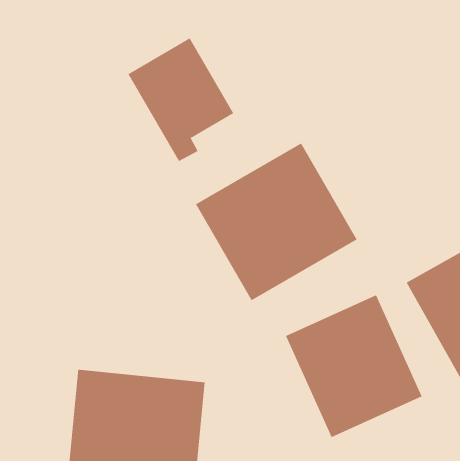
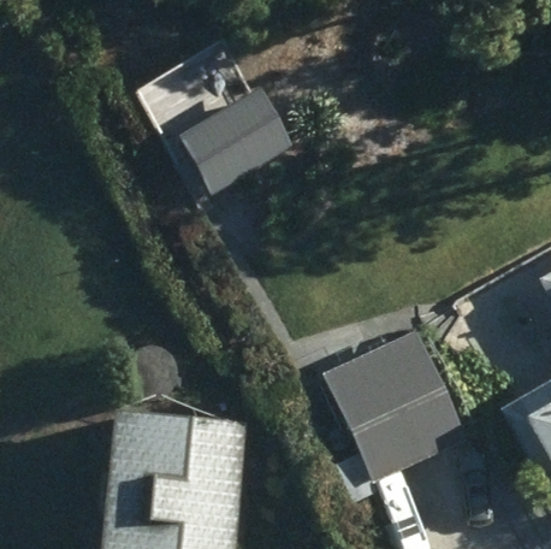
building: [195,143,357,301] -> none

